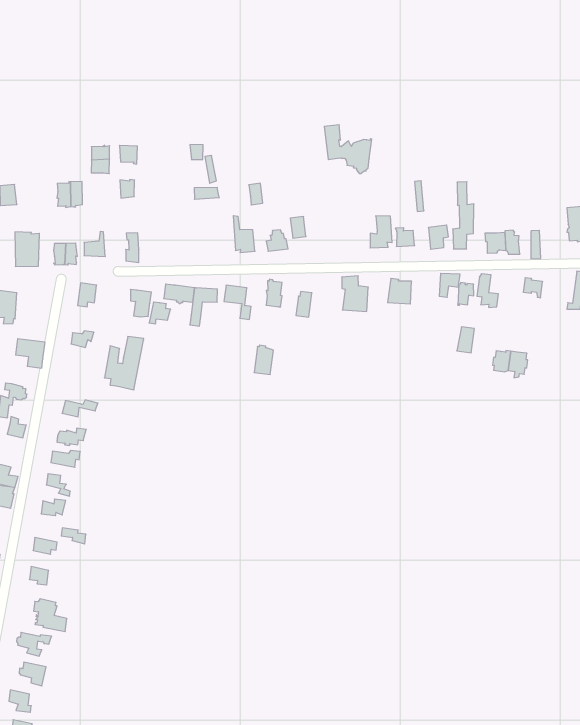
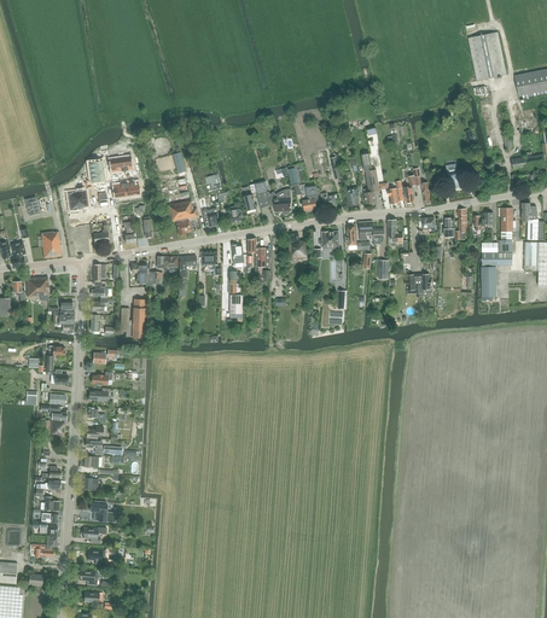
building: [324,125,372,174] -> [254,181,290,215]
building: none -> [165,200,197,235]

